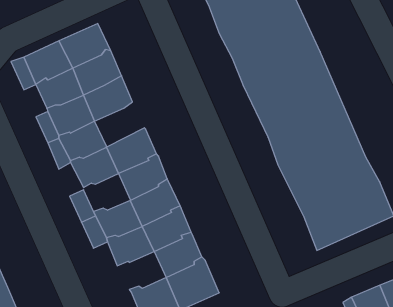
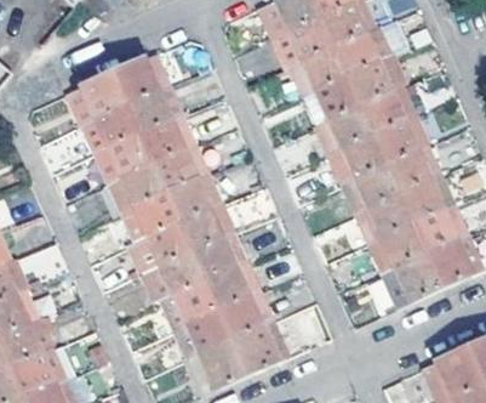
building: none -> [149,140,206,191]
building: none -> [137,220,189,262]
building: none -> [175,307,229,350]

